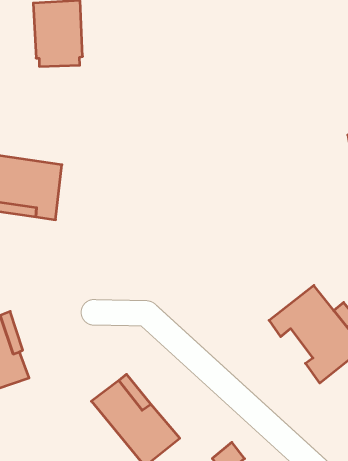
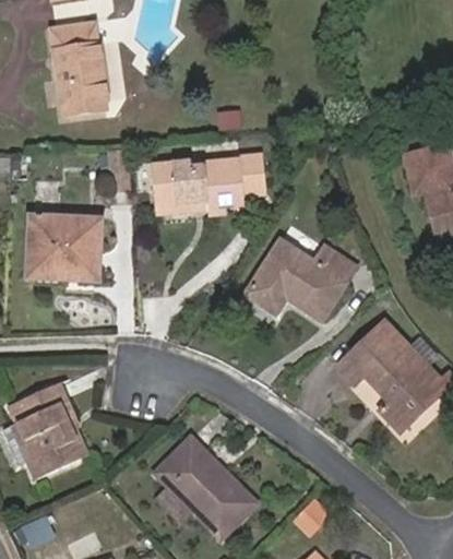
building: none -> [152,155,264,213]
building: none -> [247,241,353,317]

